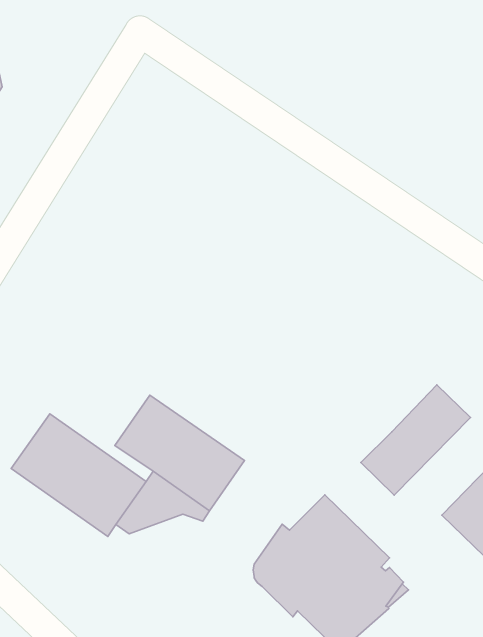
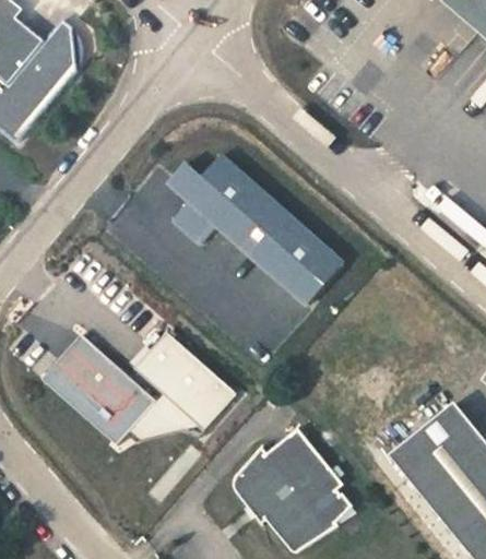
building: none -> [170,154,342,305]
building: [361,385,470,495] -> none

